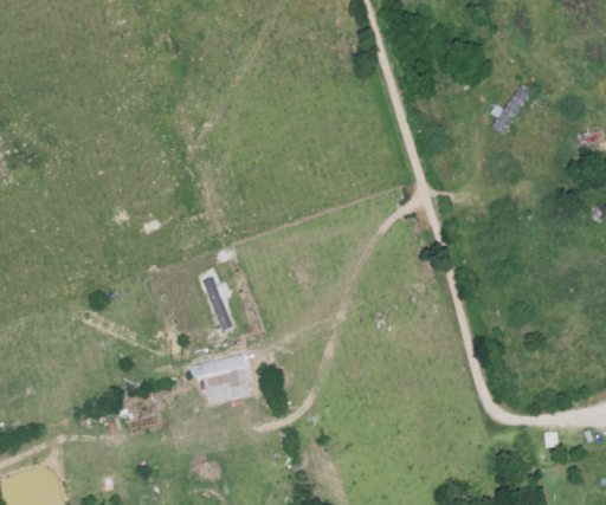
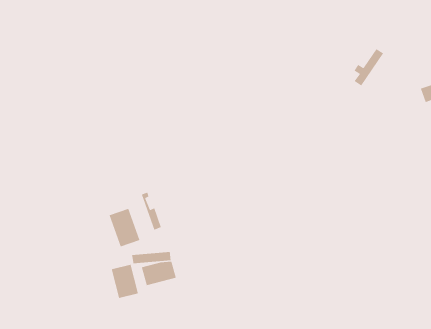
building: none -> [109,208,140,248]
building: none -> [111,264,139,299]

